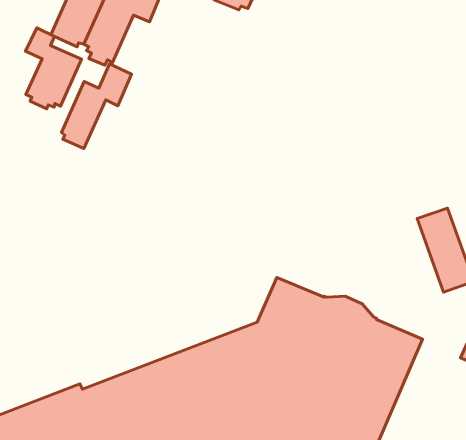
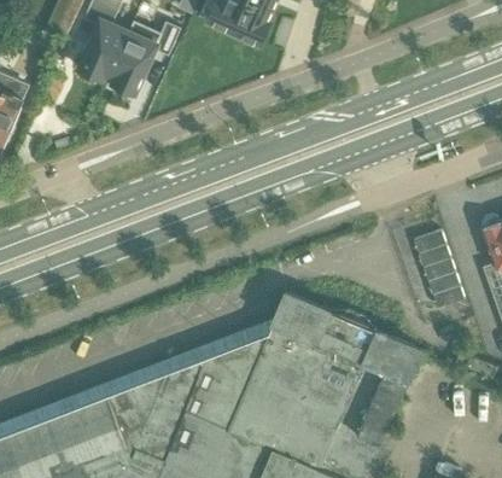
building: [25,28,82,109] -> none
building: [61,64,131,148] -> none

